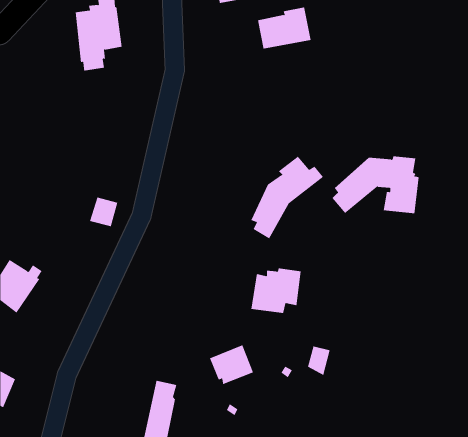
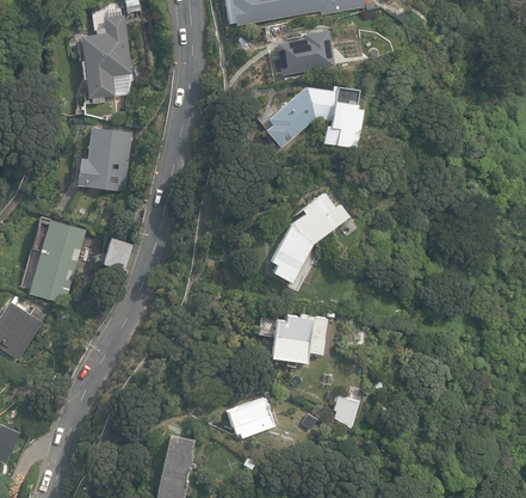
building: none -> [76,125,130,189]
building: [332,156,420,214] -> [266,86,360,148]
building: none -> [27,217,85,301]

